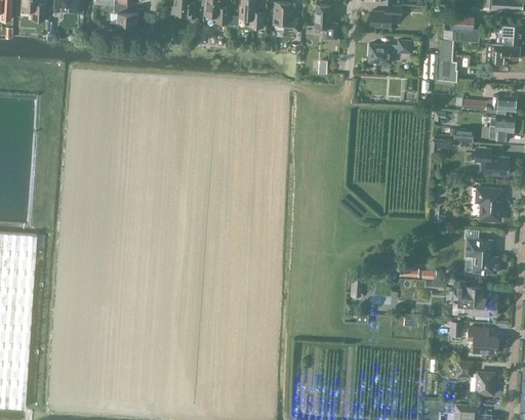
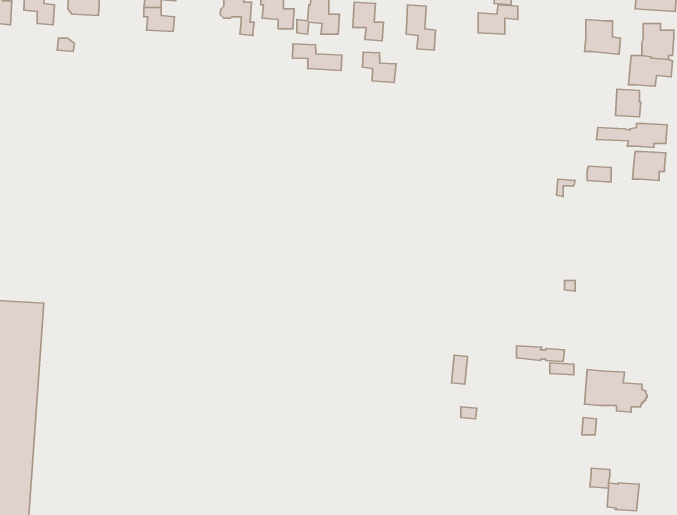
building: none -> [293,44,342,71]
building: [368,40,412,65] -> none
building: none -> [363,52,396,82]
building: [438,60,457,82] -> [616,89,641,117]
building: [475,149,510,176] -> none
building: [476,188,501,221] -> none
building: [466,239,497,274] -> none
building: [468,329,496,353] -> none

